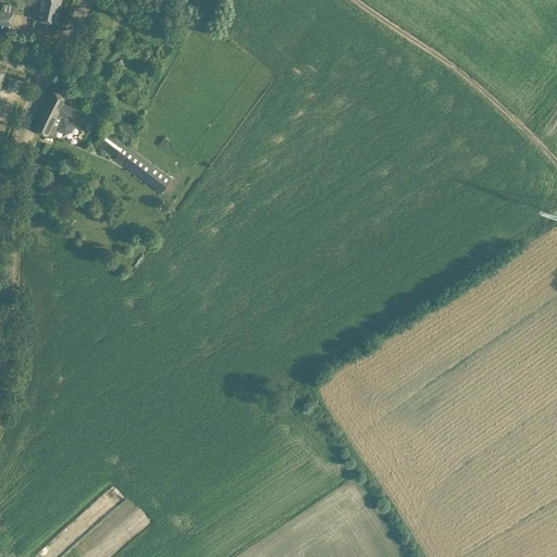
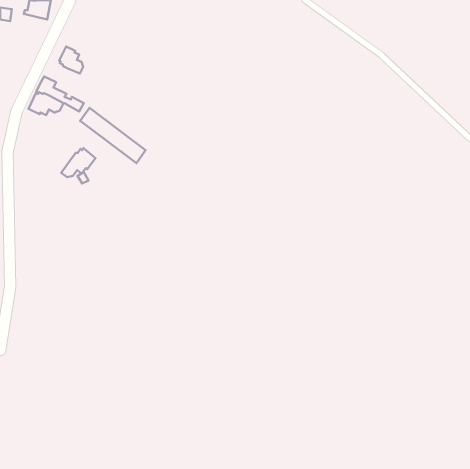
building: none -> [59,46,83,73]
building: none -> [61,148,96,177]

